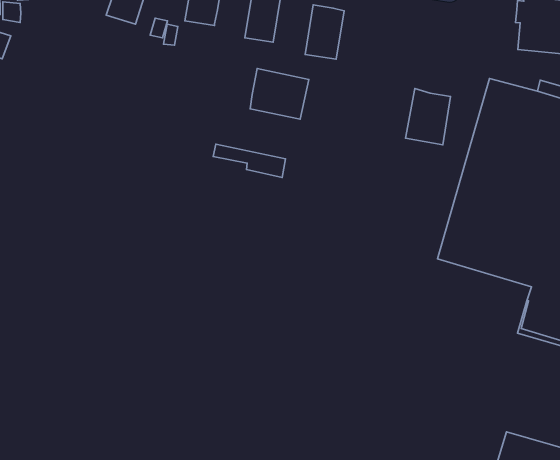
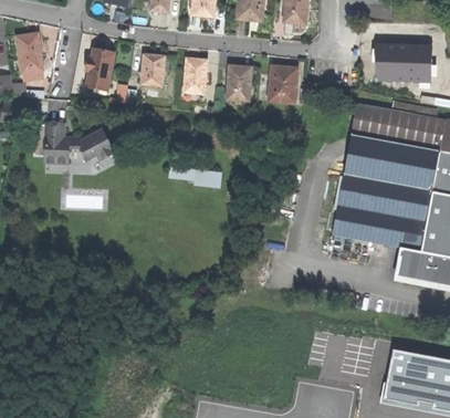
building: none -> [44,122,113,161]
building: [250,69,309,119] -> none
building: [405,88,451,145] -> [268,64,296,102]

